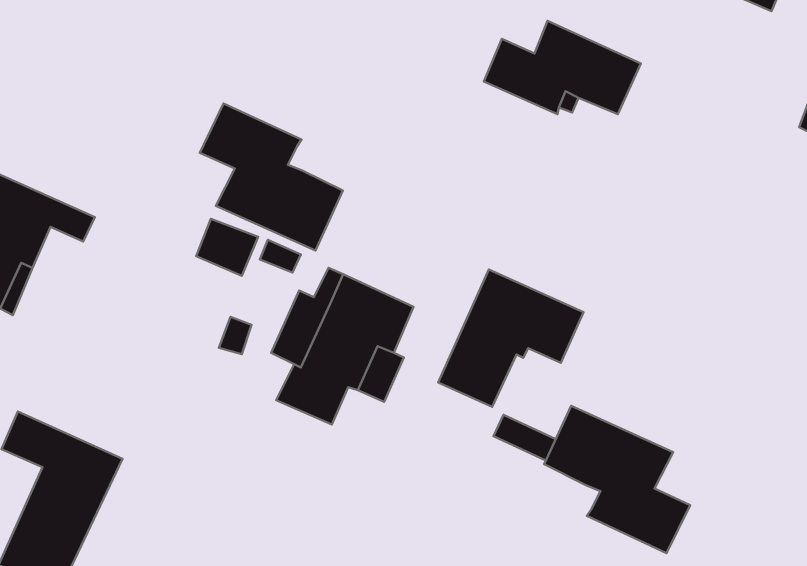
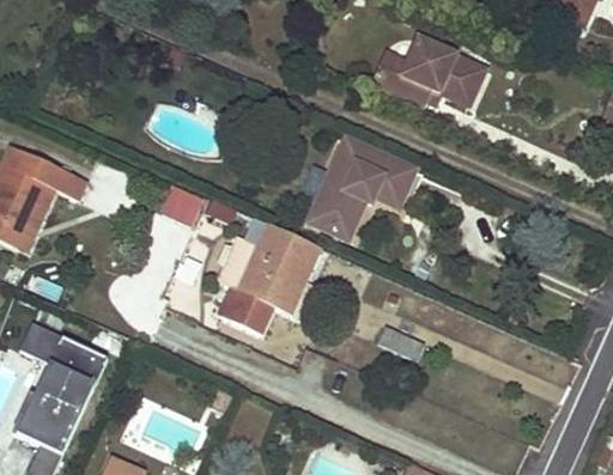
building: [200,104,343,250] -> none
building: [438,270,584,407] -> [308,138,414,238]
building: [544,406,690,553] -> none

